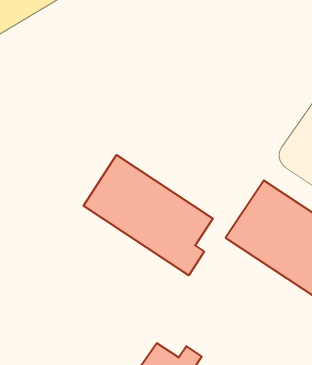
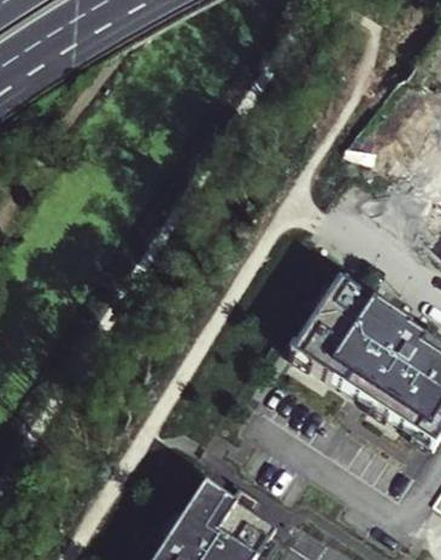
building: [83,155,213,275] -> none

